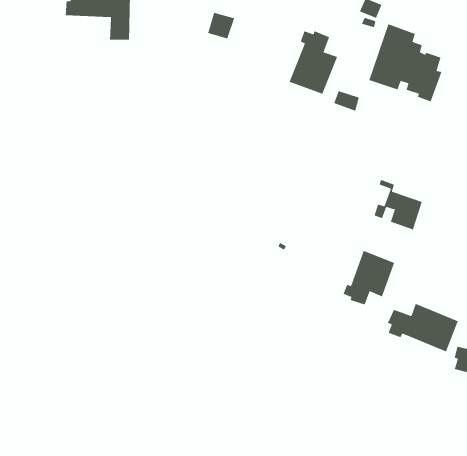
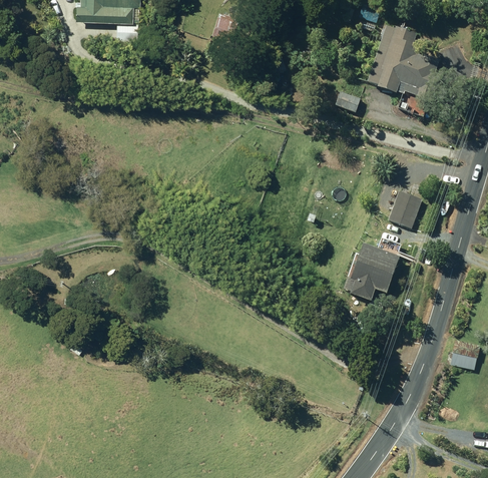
building: [289,30,338,95] -> none
building: [387,303,459,353] -> none

